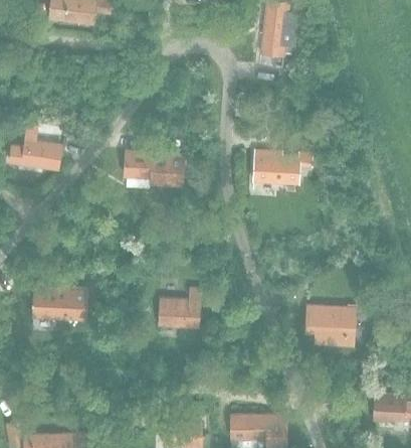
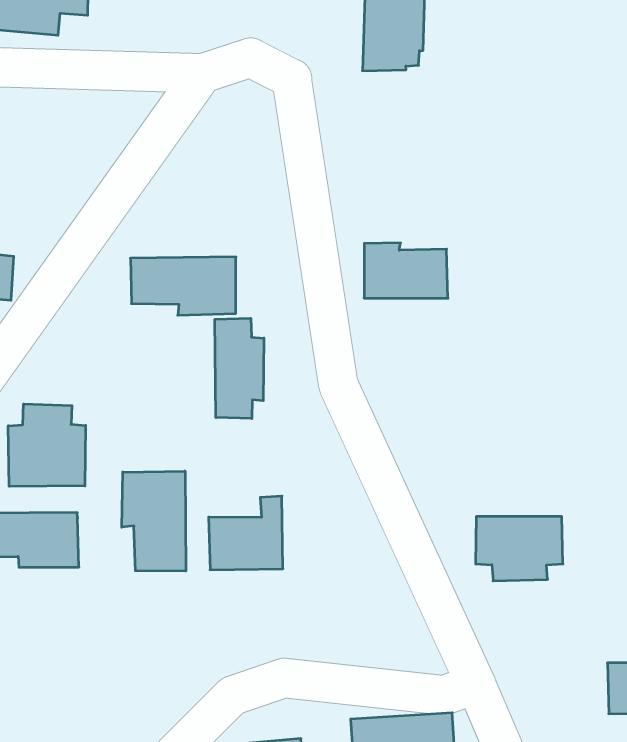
building: none -> [215,318,264,419]
building: none -> [8,404,86,486]
building: none -> [122,471,186,571]

